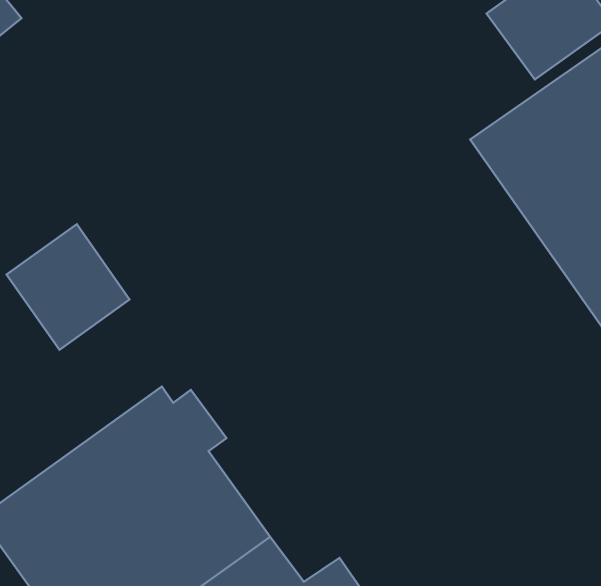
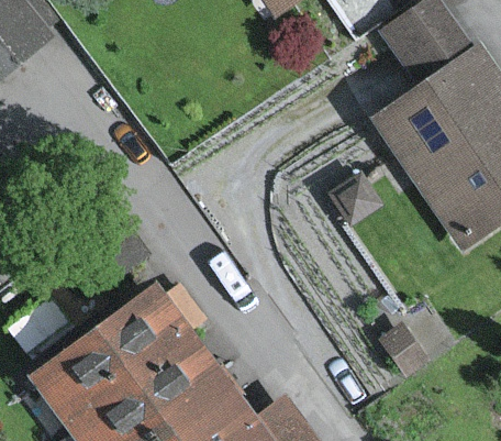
building: [7,224,130,350] -> none

